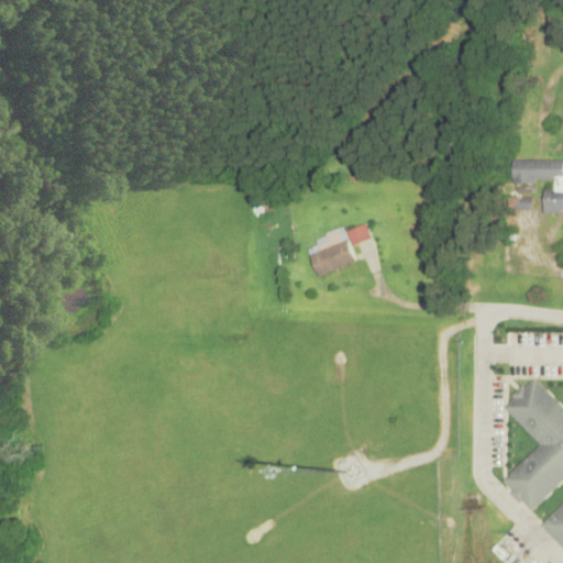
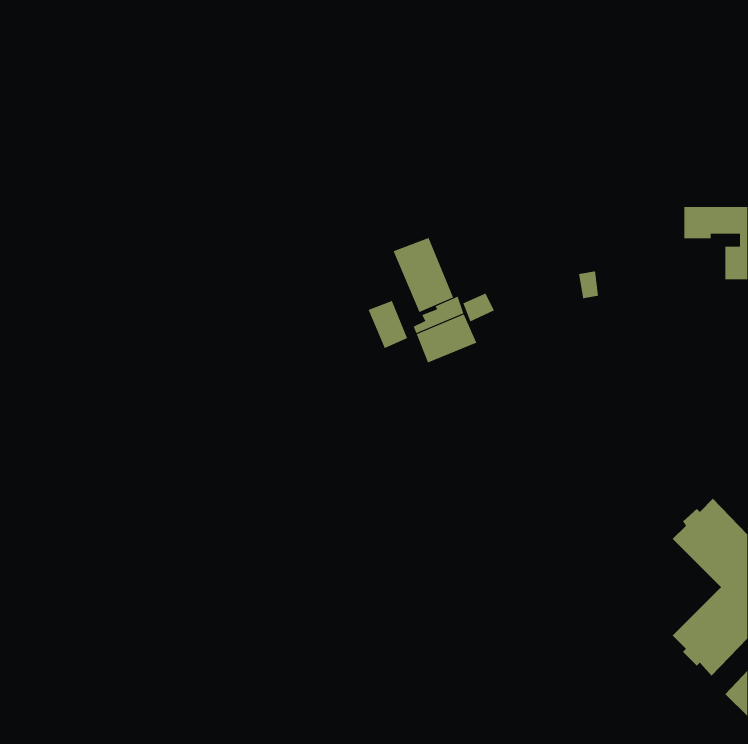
building: none -> [393,237,454,313]
building: none -> [368,300,408,349]

